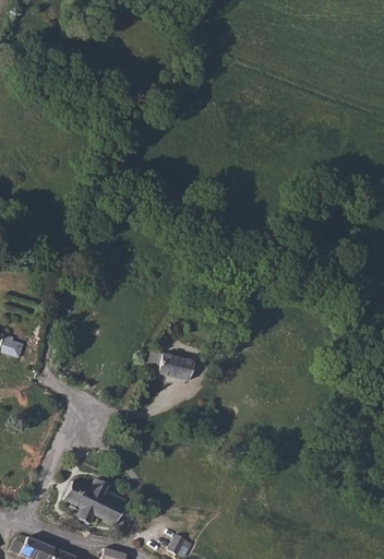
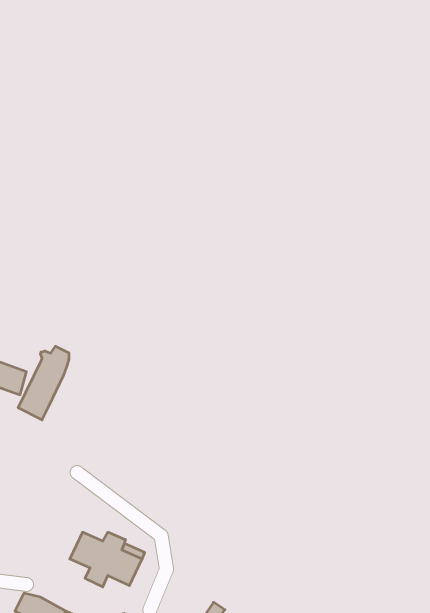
building: none -> [18,346,69,420]
building: [152,356,197,380] -> none

